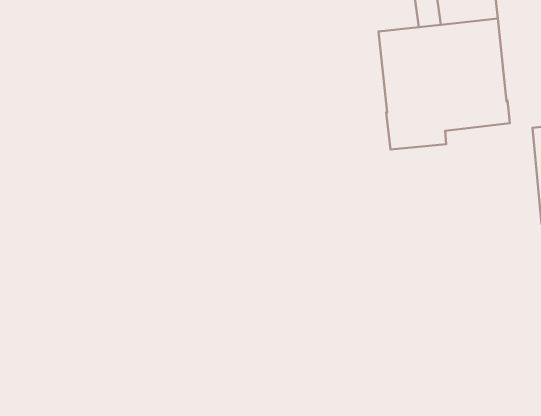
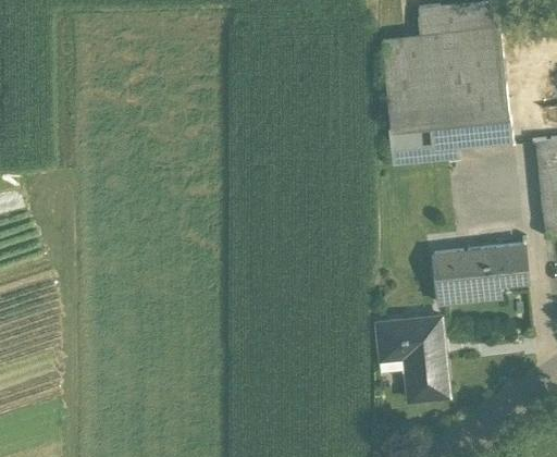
building: none -> [434,245,528,304]
building: none -> [376,317,449,399]

